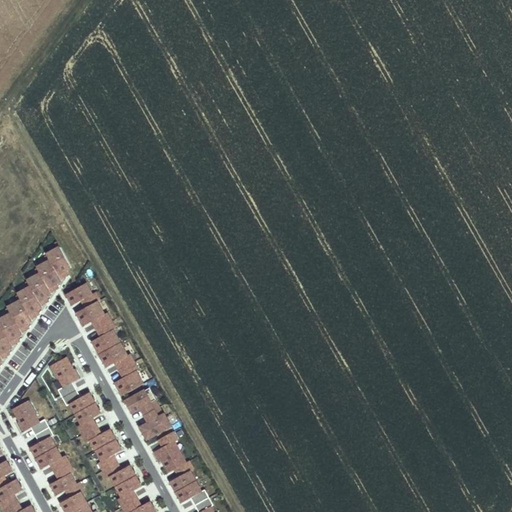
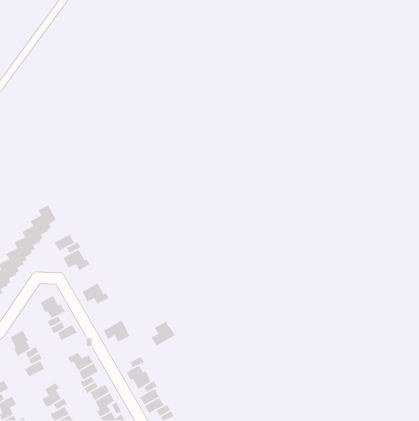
building: [91,321,119,354] -> none
building: [114,362,142,396] -> none
building: [74,404,100,434] -> none
building: [139,408,170,439] -> [150,321,176,346]
building: [35,448,68,472] -> none

